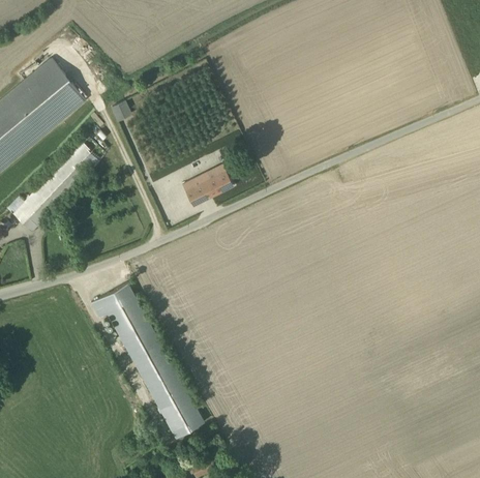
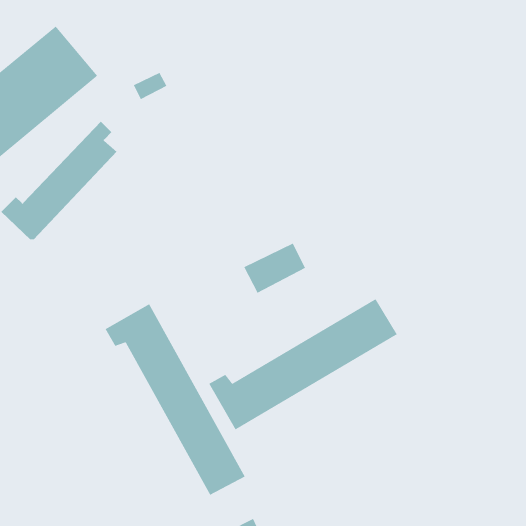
building: [181,166,232,207] -> [243,243,306,294]
building: none -> [208,298,398,431]

